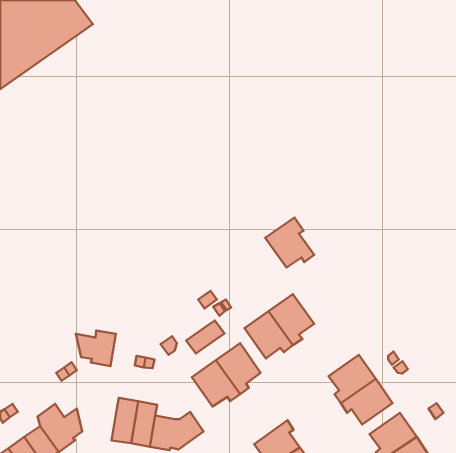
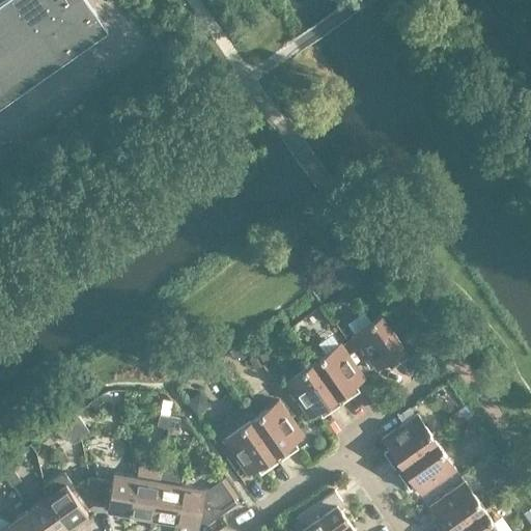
building: [265,217,314,267] -> [352,313,409,371]
building: [186,320,224,354] -> none
building: [76,330,116,366] -> [89,474,136,515]

